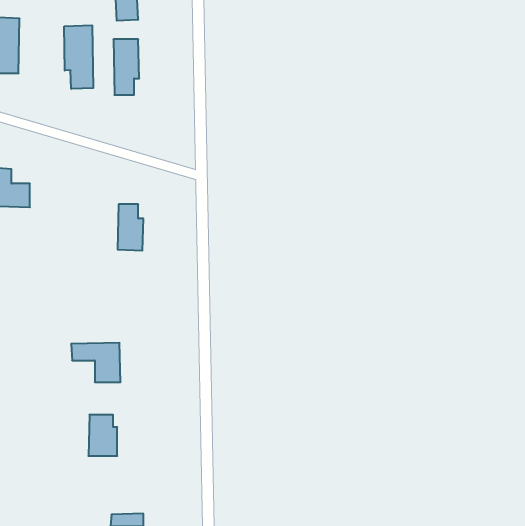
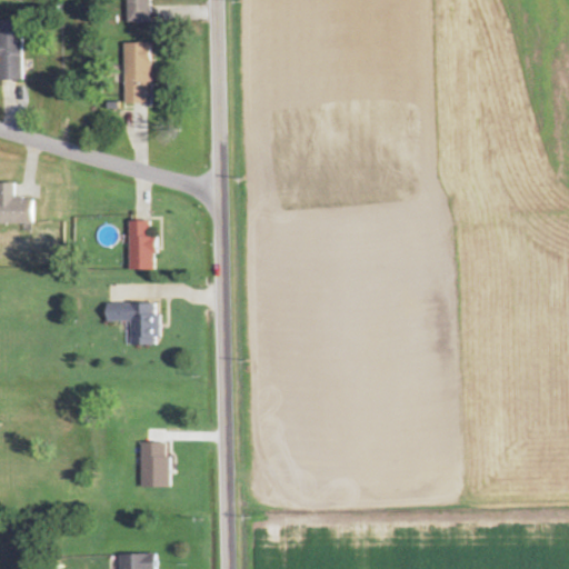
building: [64,25,93,89] -> none
building: [71,343,121,382] -> [103,302,157,345]
building: [88,415,117,456] -> [138,442,169,487]

